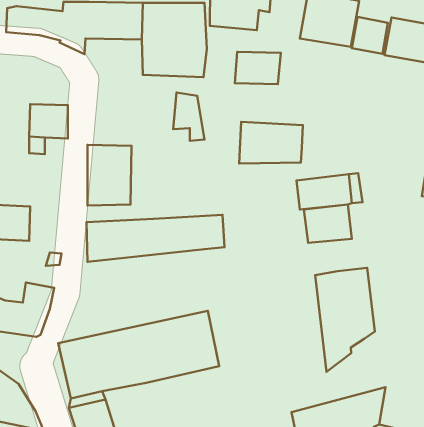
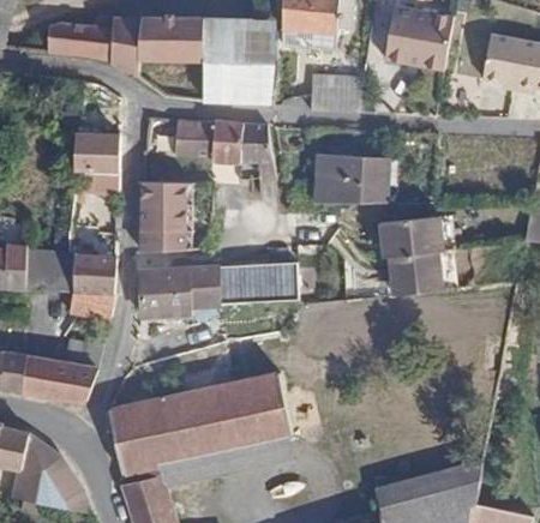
building: [352,17,388,54] -> none
building: none -> [174,119,242,163]
building: none -> [73,252,115,294]
building: [315,268,375,372] -> none

